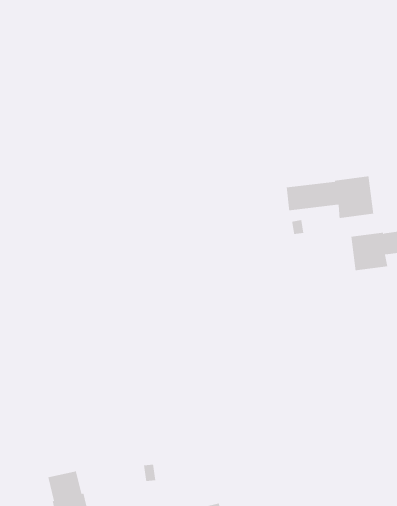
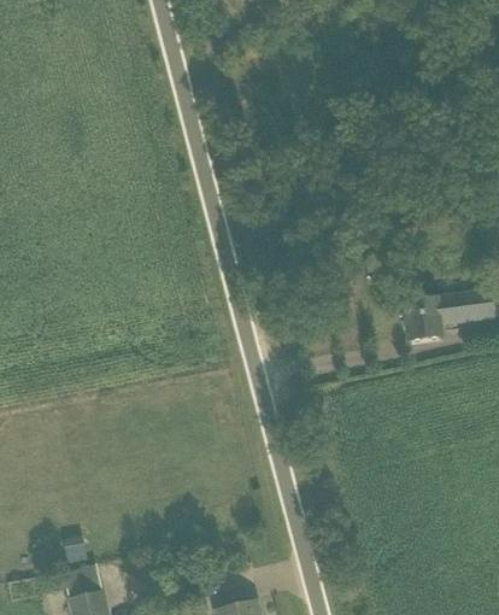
building: [286,176,374,219] -> none

